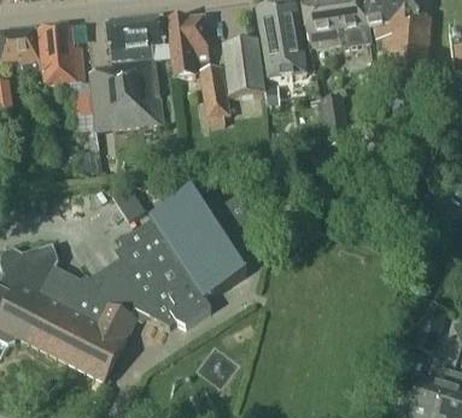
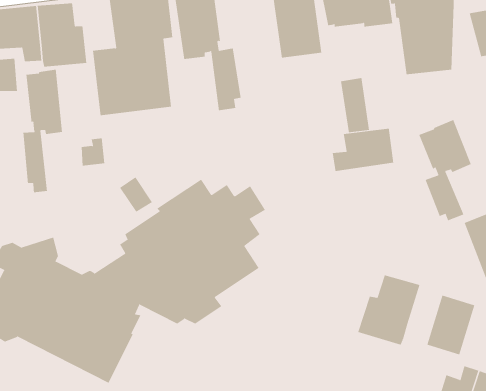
building: [222,37,265,96] -> none
building: none -> [23,69,63,193]
building: none -> [419,119,472,221]
building: none -> [332,128,394,172]
building: none -> [358,274,420,346]

